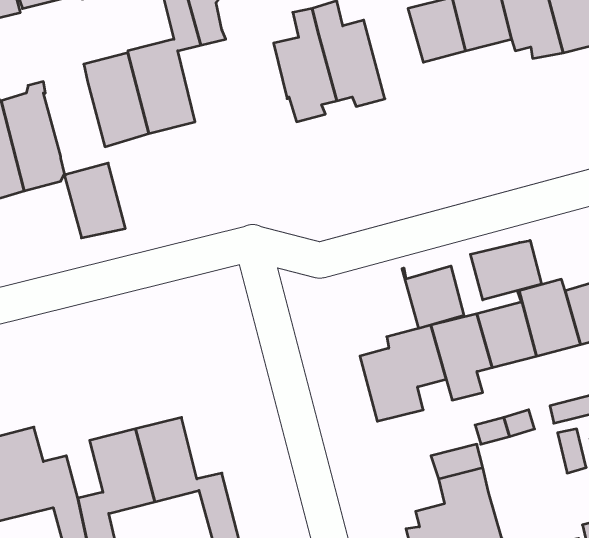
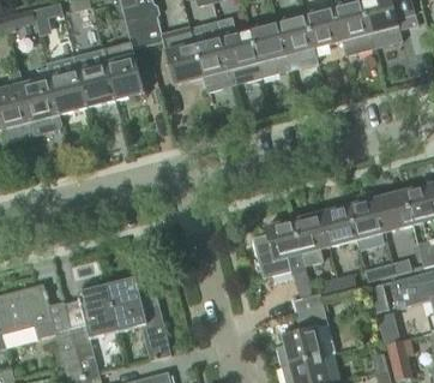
building: none -> [249,22,289,78]
building: none -> [161,26,201,85]
building: [64,163,125,238] -> [49,67,88,114]
building: [470,240,541,300] -> none
building: [402,266,464,328] -> none

